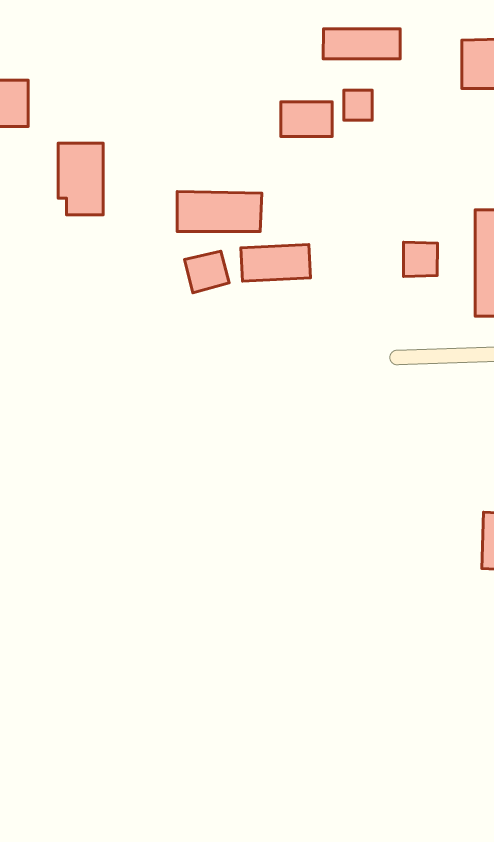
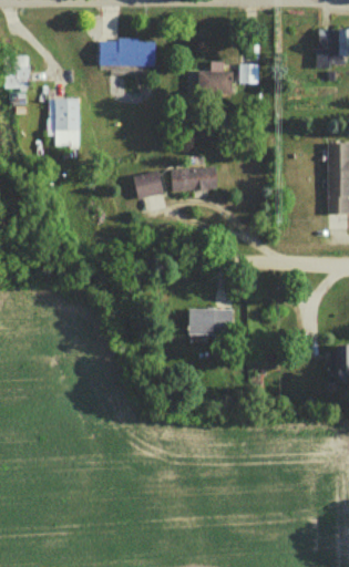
building: [323,29,400,59] -> none
building: [177,191,262,231] -> [99,39,155,65]
building: [403,242,437,276] -> none
building: none -> [187,309,230,334]

